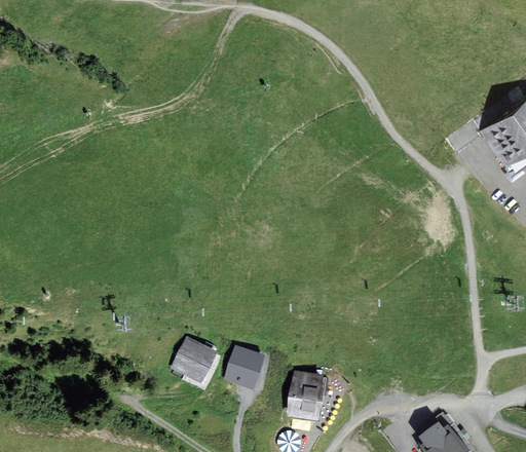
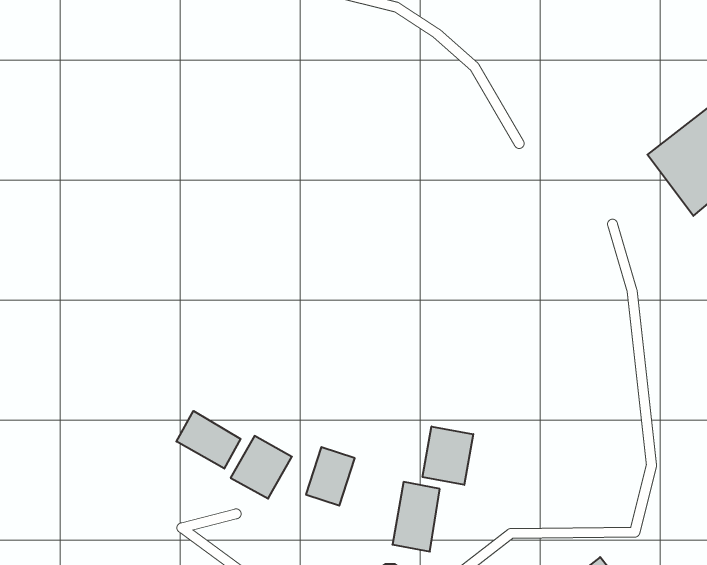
building: none -> [176,411,241,469]
building: none -> [423,426,473,485]

